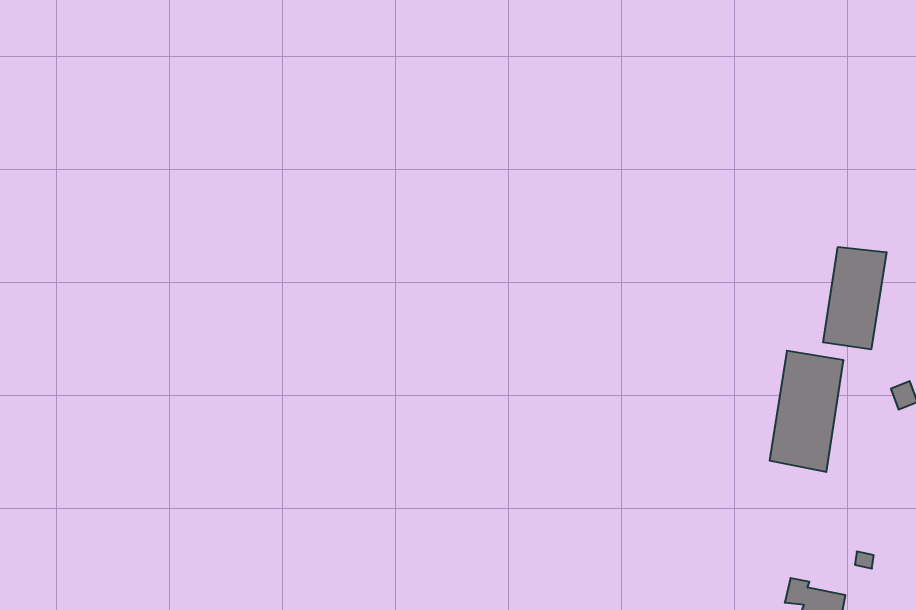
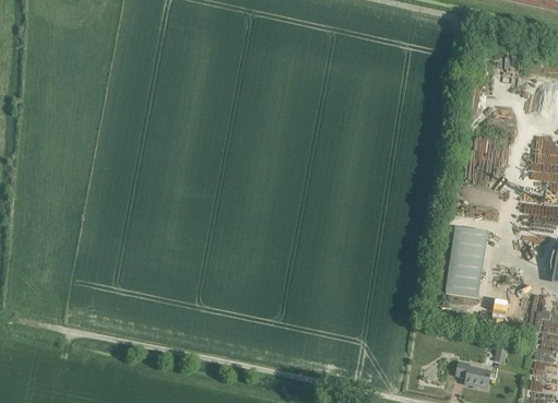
building: [823,247,886,349] -> none

